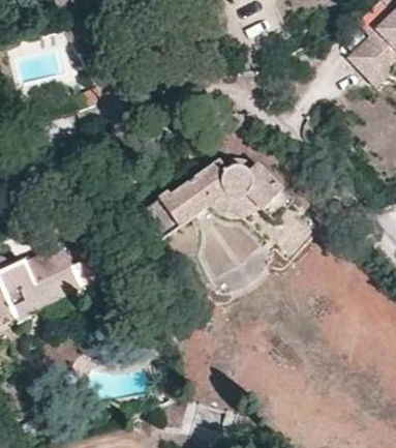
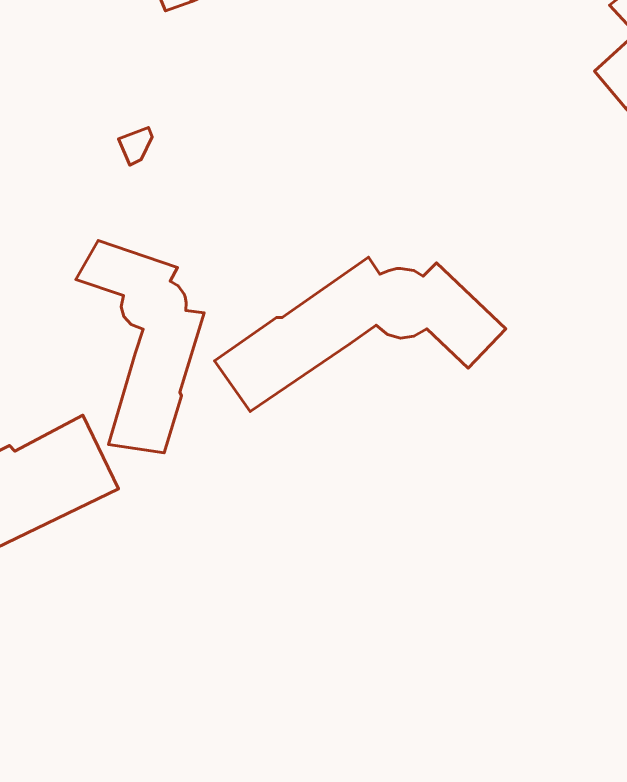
building: none -> [76,241,204,453]

